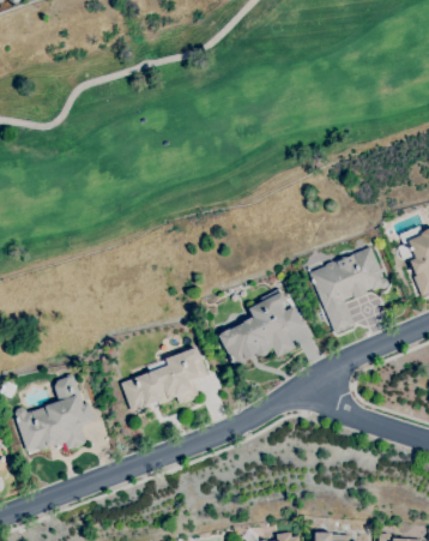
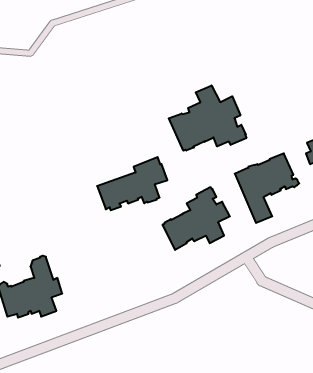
building: none -> [169,85,246,151]
building: [121,345,209,411] -> [97,157,167,210]

